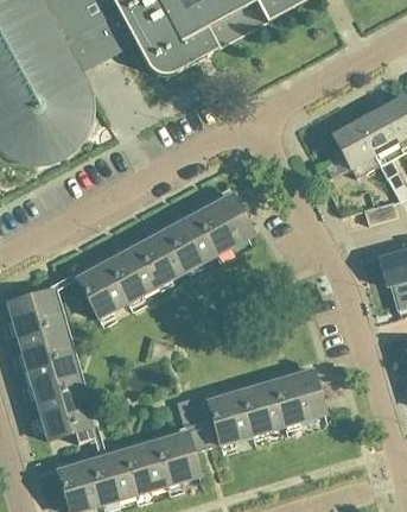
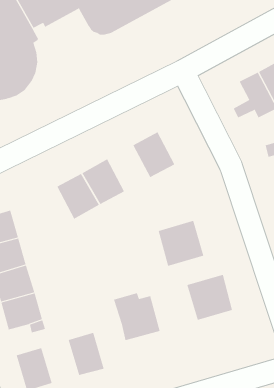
building: [171,210,223,267] -> none
building: [77,261,129,318] -> none
building: [224,383,281,440] -> [158,220,204,266]
building: [154,431,199,486] -> none
building: [90,450,135,504] -> none

